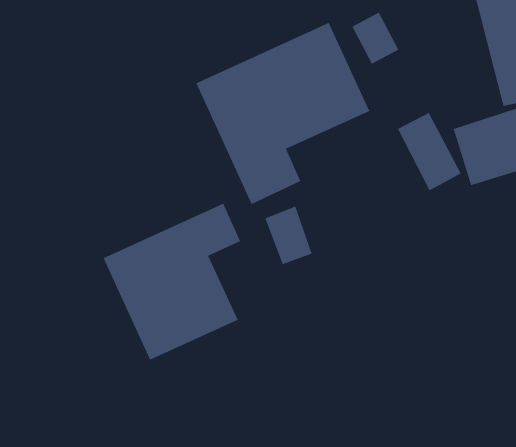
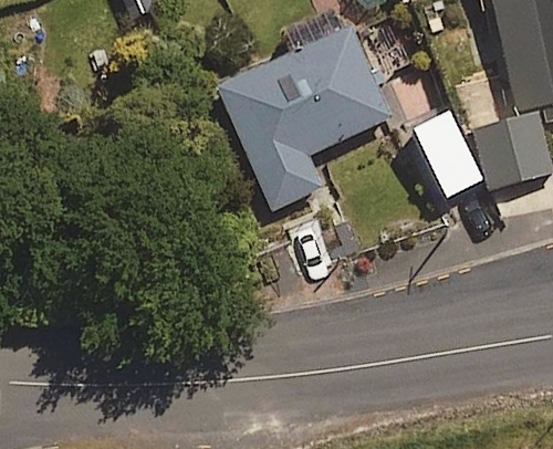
building: [103,203,241,360] -> none

